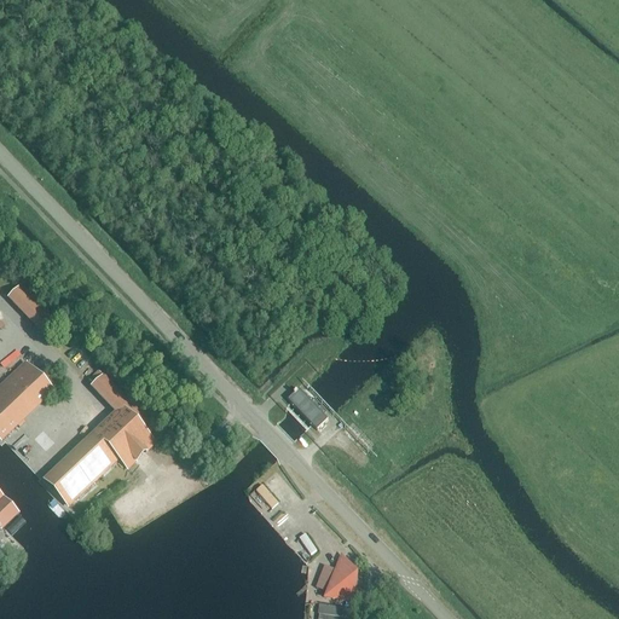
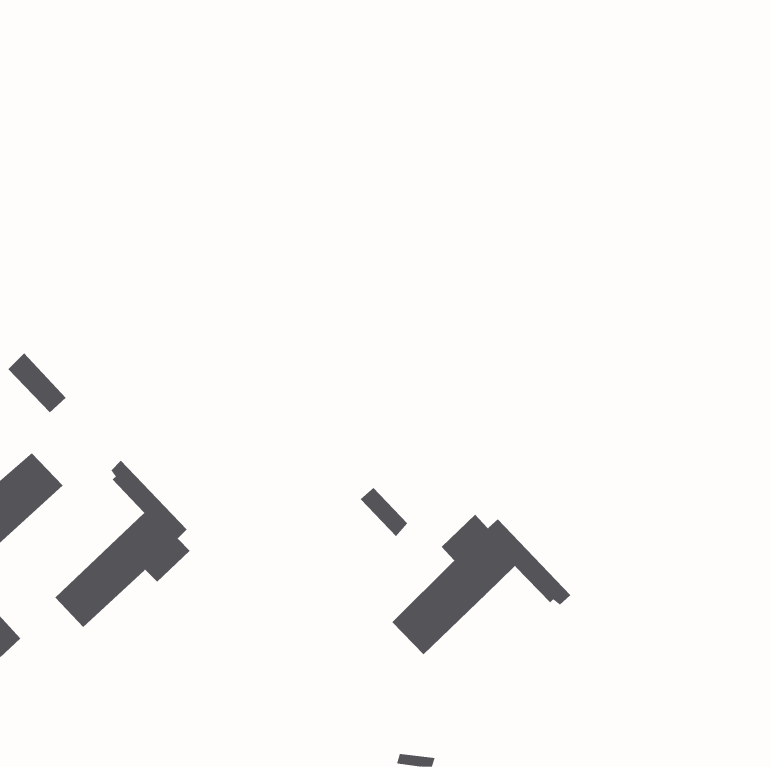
building: none -> [392,514,571,655]
building: [326,559,355,598] -> none

